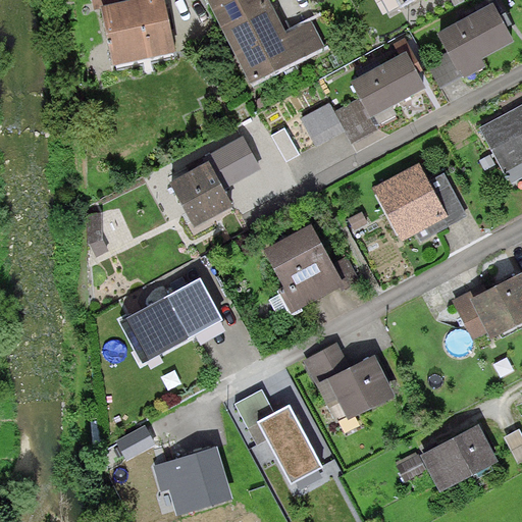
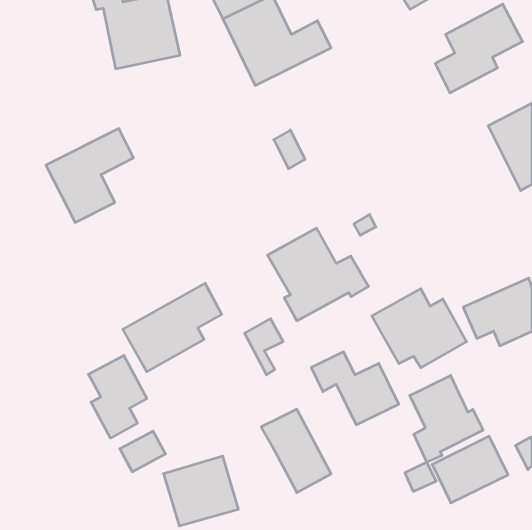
building: [297,41,425,145] -> none
building: [165,136,251,227] -> [46,129,133,222]
building: [372,163,465,241] -> [372,289,467,368]
building: none -> [88,355,147,438]
building: none -> [410,375,483,462]
building: [237,386,274,441] -> [245,319,283,375]

